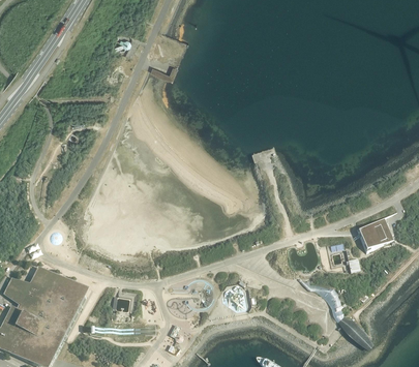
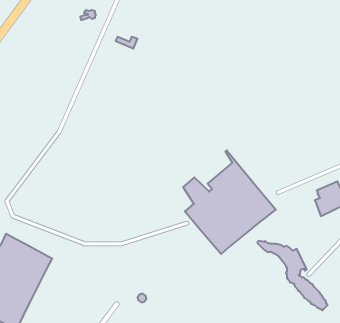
building: none -> [183,150,276,254]

